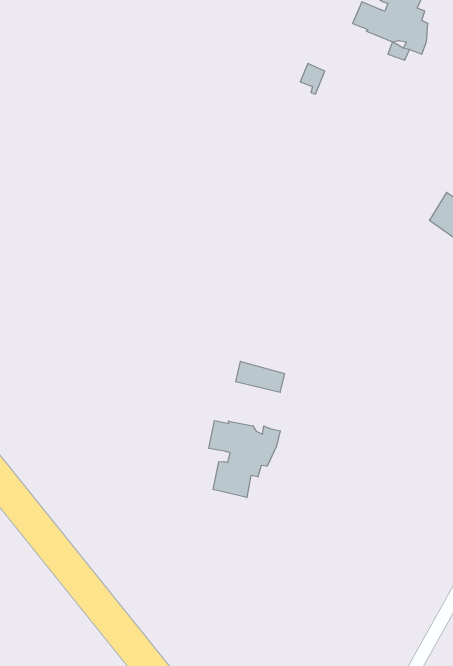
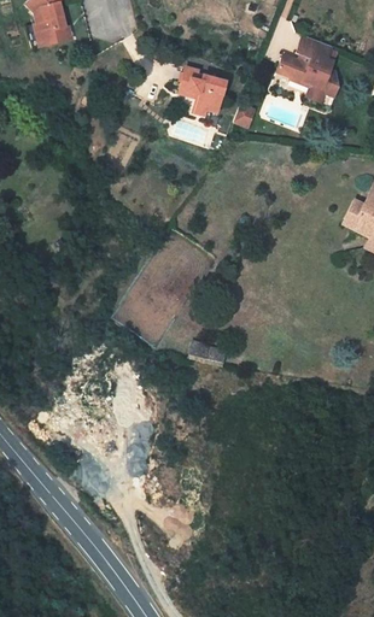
building: none -> [183,66,228,108]
building: [209,421,280,498] -> none

